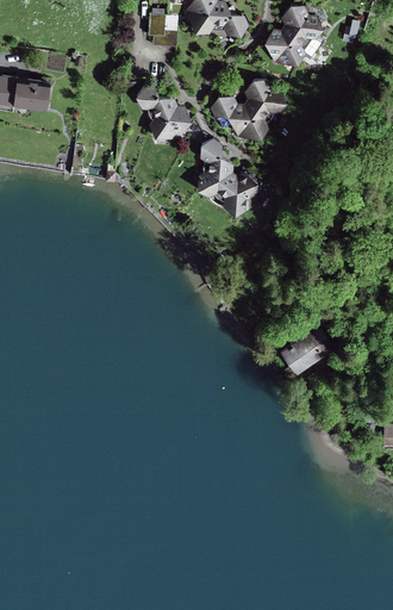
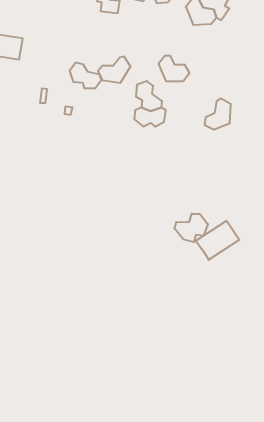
building: [244,76,287,117] -> none
building: [136,85,177,118] -> [70,63,101,88]
building: [211,94,237,130] -> none
building: [223,173,257,213] -> [205,99,231,129]
building: none -> [174,214,208,242]

